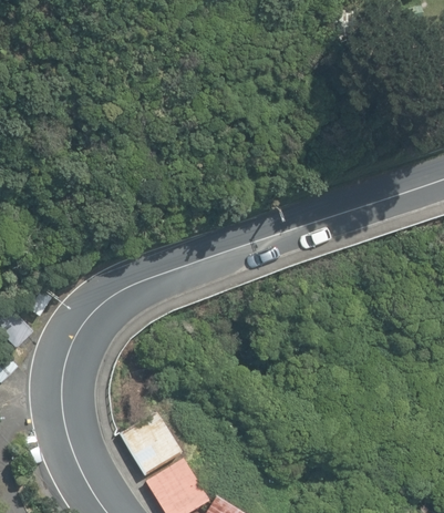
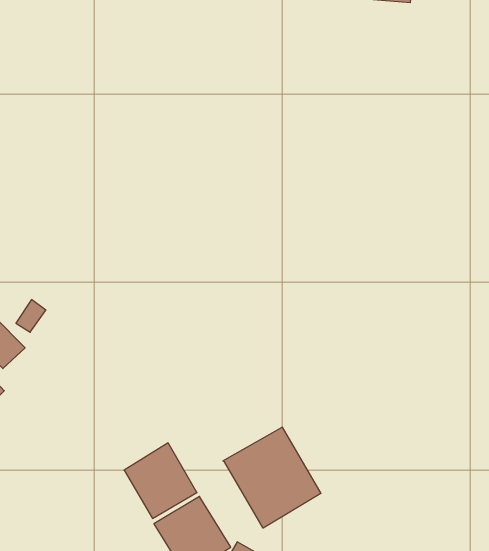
building: none -> [223,427,321,528]

